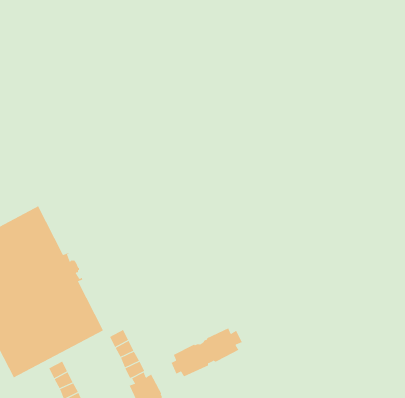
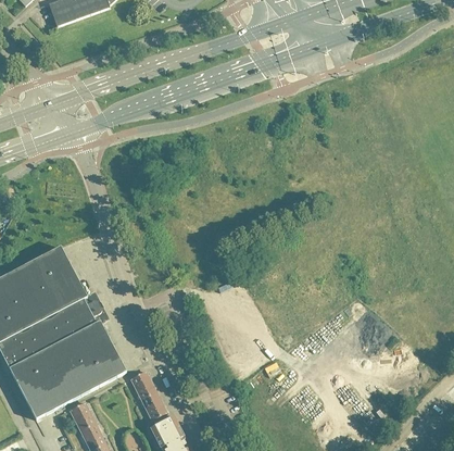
building: [171,327,243,377] -> none

